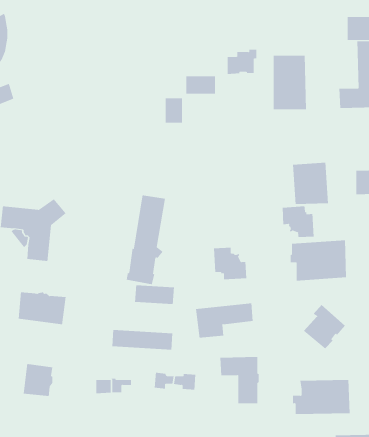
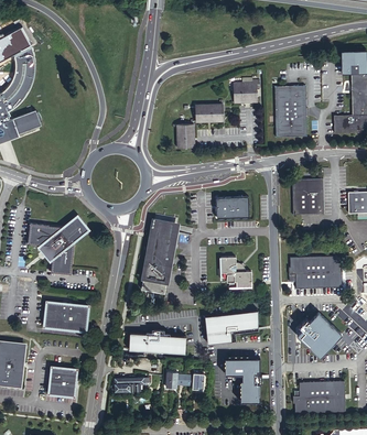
building: none -> [216,197,249,219]
building: [282,206,314,238] -> none
building: [135,284,174,305] -> none

